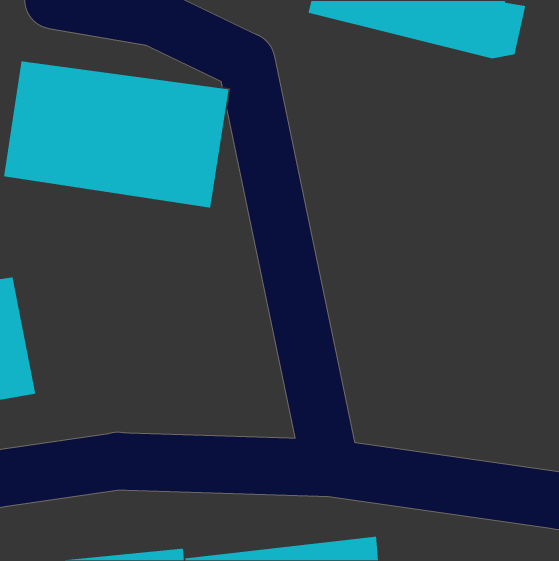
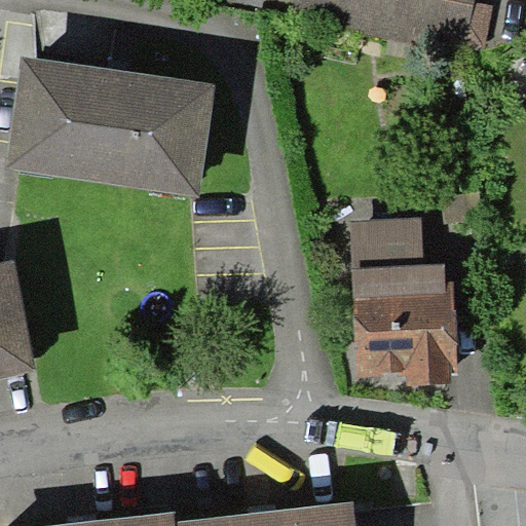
building: none -> [351,220,455,385]

